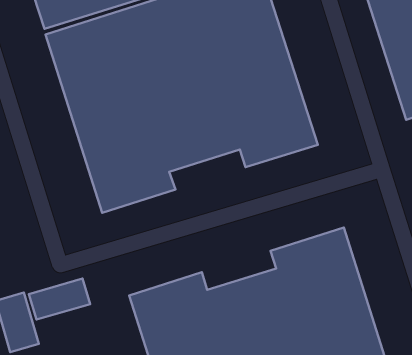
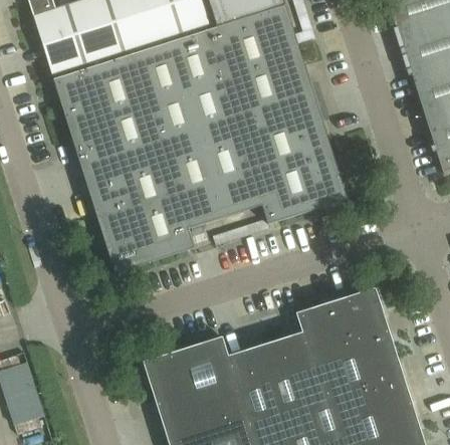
building: [29,278,90,320] -> none

